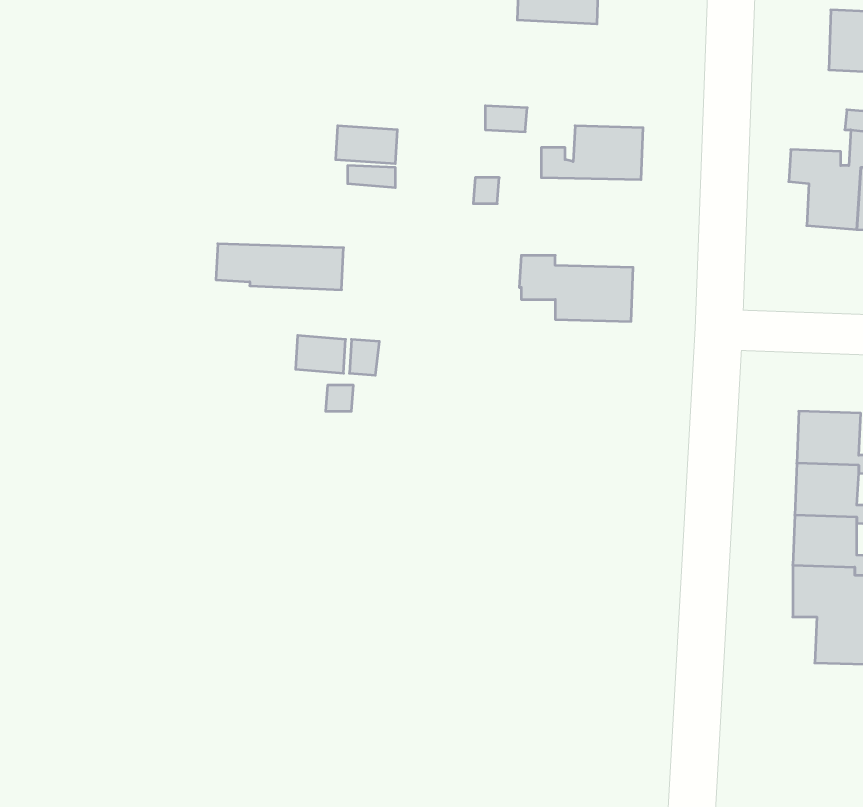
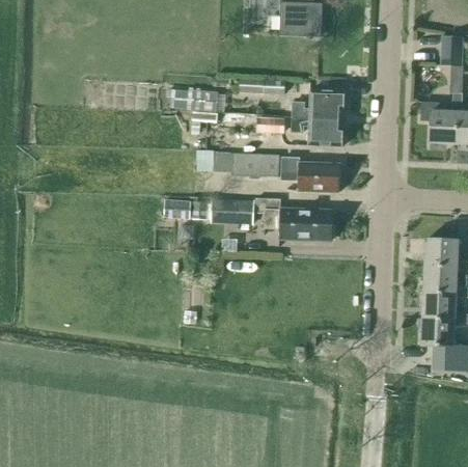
building: none -> [291,117,343,146]
building: [216,244,344,290] -> [213,153,279,176]
building: none -> [210,198,332,240]

